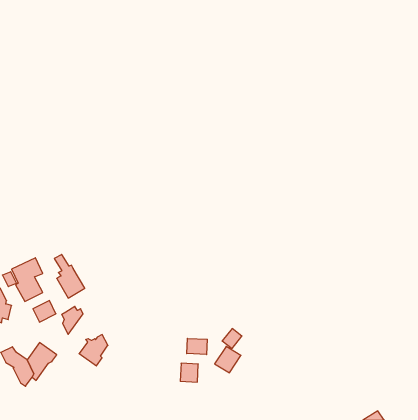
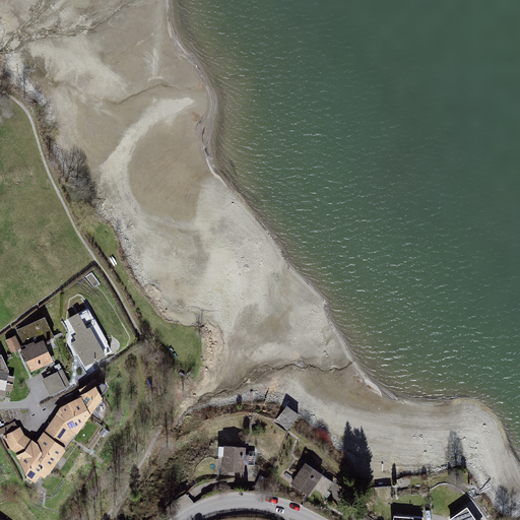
building: [79,335,108,366] -> [49,399,84,438]
building: [187,338,207,355] -> none
building: [215,346,241,373] -> [288,463,321,496]

